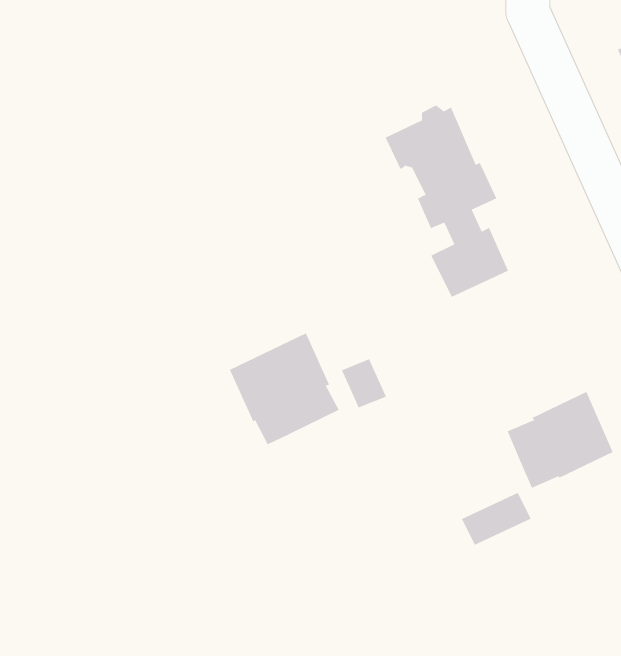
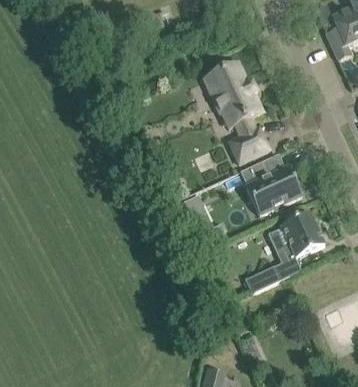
building: none -> [240,156,302,215]
building: [229,332,339,445] -> none

